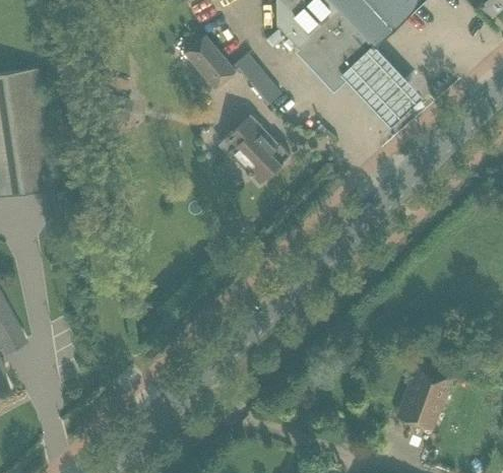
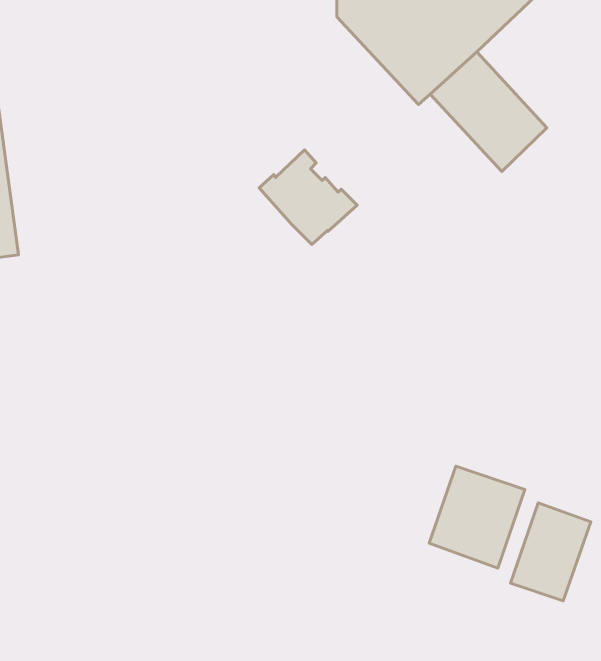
building: [184,36,236,89] -> none
building: [236,50,284,103] -> none
building: none -> [429,466,525,568]

